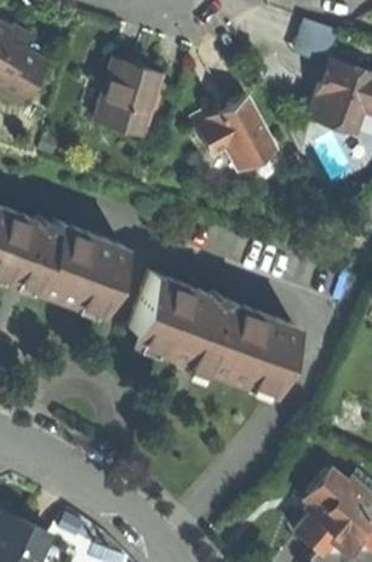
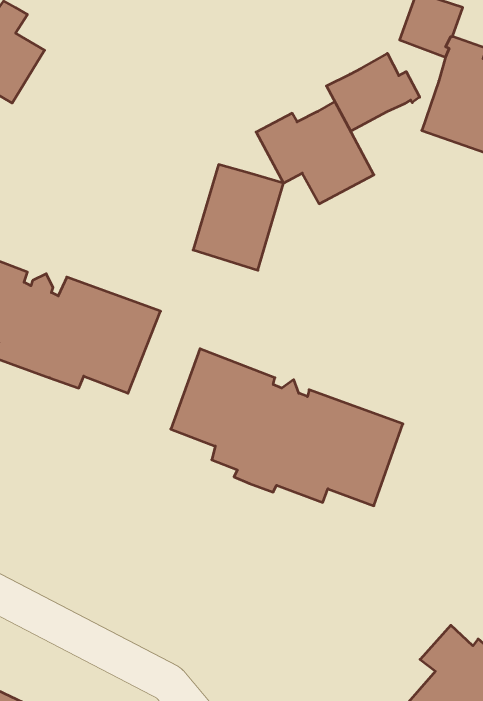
building: [97,61,161,136] -> [193,165,283,270]
building: none -> [326,53,420,131]

